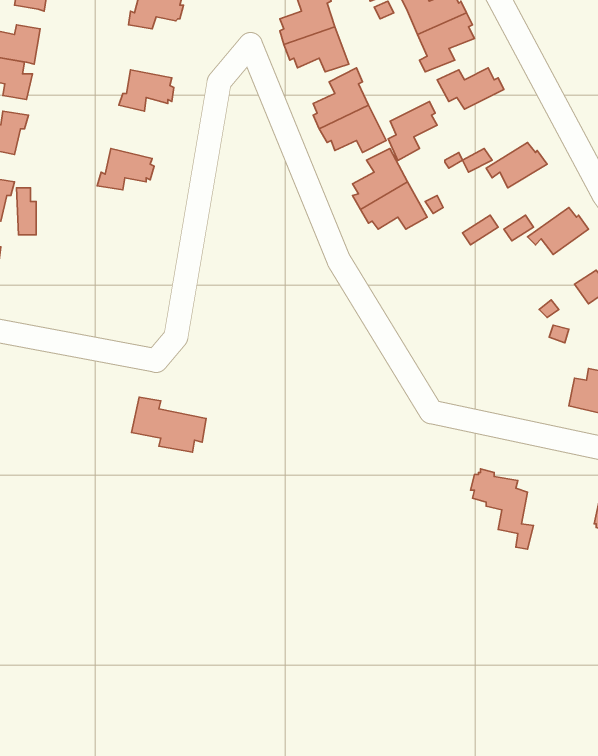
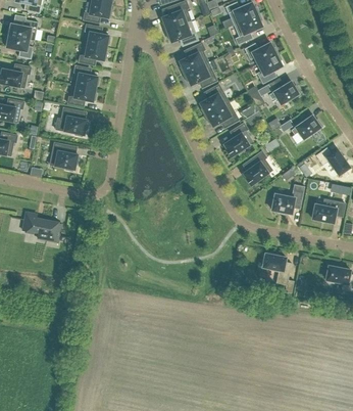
building: none -> [84,24,109,47]
building: [388,101,437,160] -> [256,53,282,84]
building: none -> [73,65,98,89]
building: none -> [54,107,88,136]
building: none -> [223,123,252,156]
building: none -> [49,142,79,171]
building: none -> [242,150,271,185]
building: none -> [268,184,303,215]
building: [131,397,206,452] -> [21,212,60,240]

